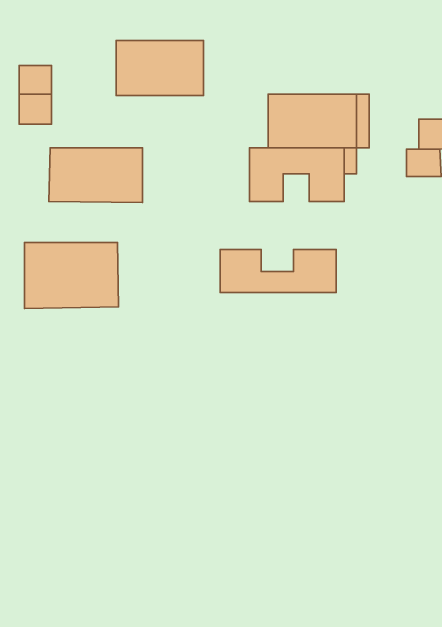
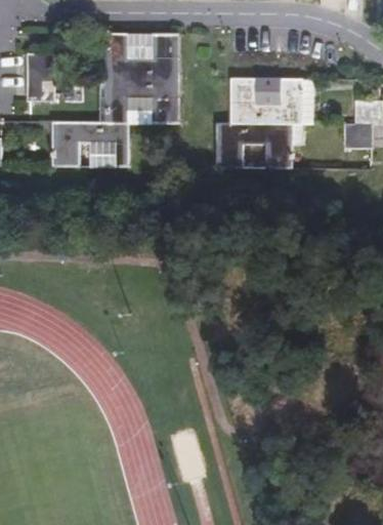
building: none -> [107,79,178,123]
building: [24,242,119,308] -> none
building: [220,250,336,293] -> none

